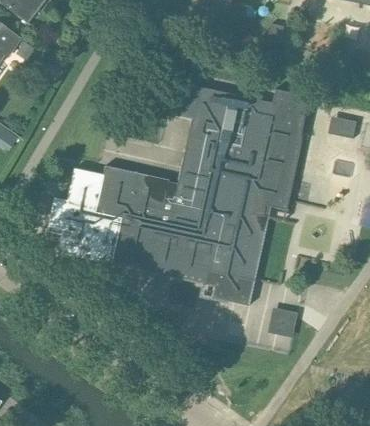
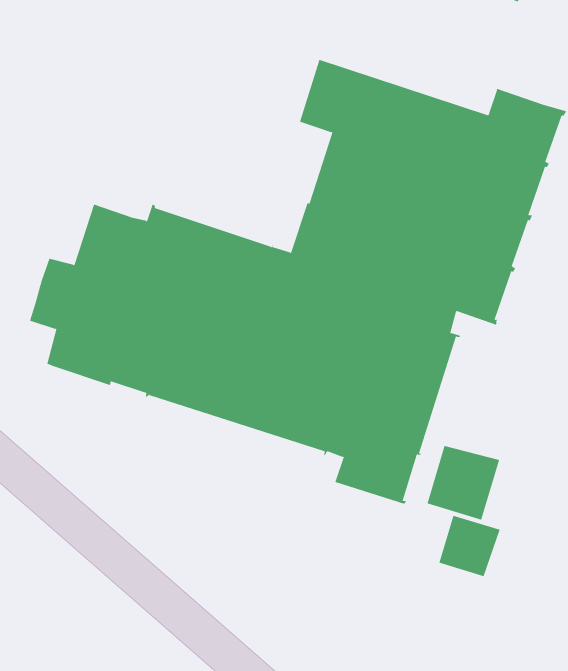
building: none -> [427,445,500,520]

